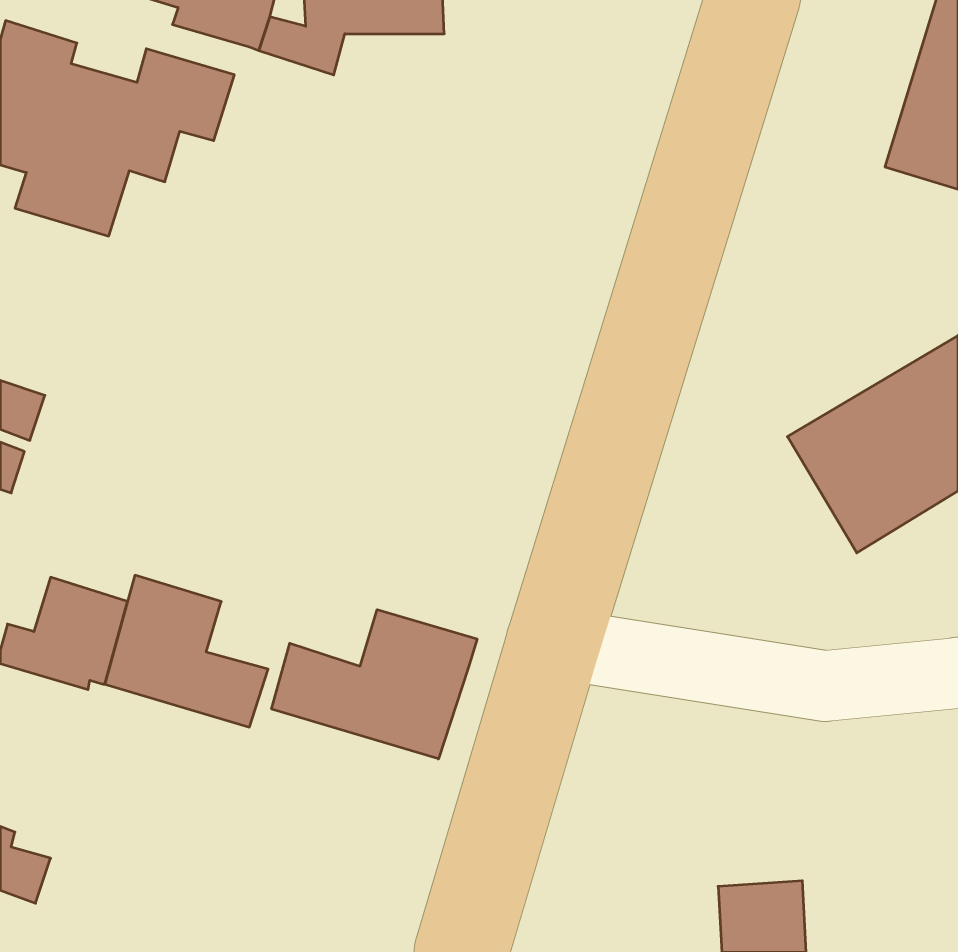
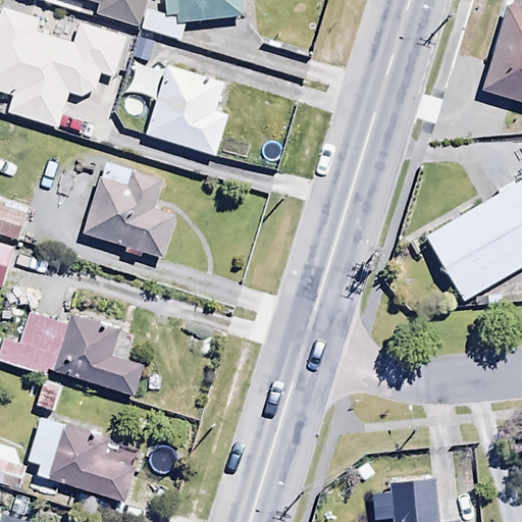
building: none -> [147,64,229,156]
building: none -> [83,162,173,258]
building: [272,610,477,759] -> none
building: none -> [28,415,139,501]

